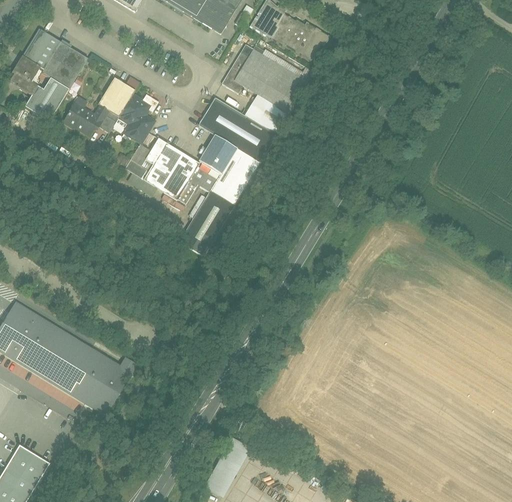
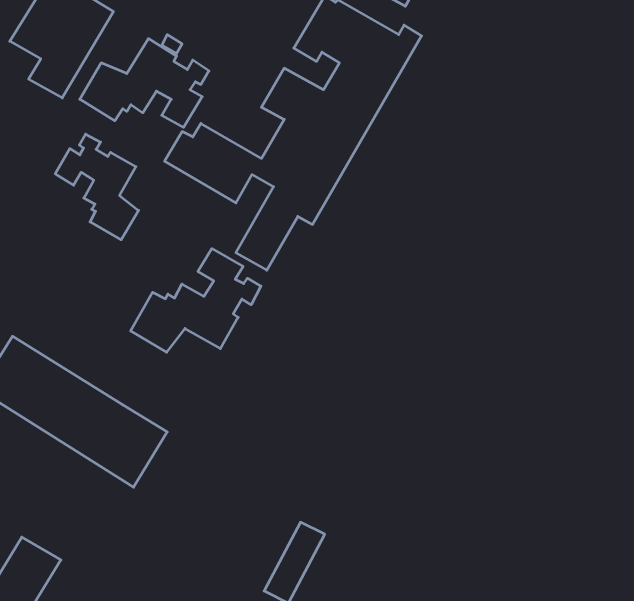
building: none -> [55,134,139,240]
building: none -> [131,249,261,352]

